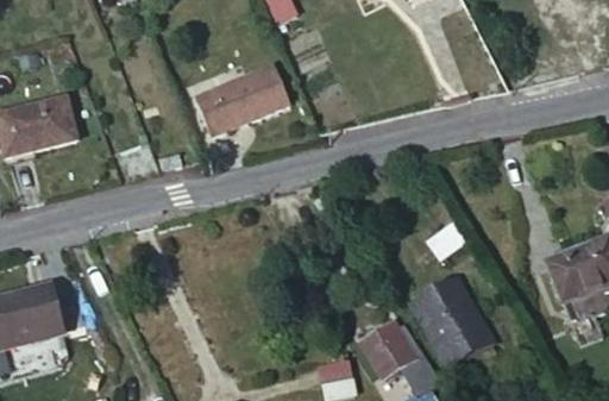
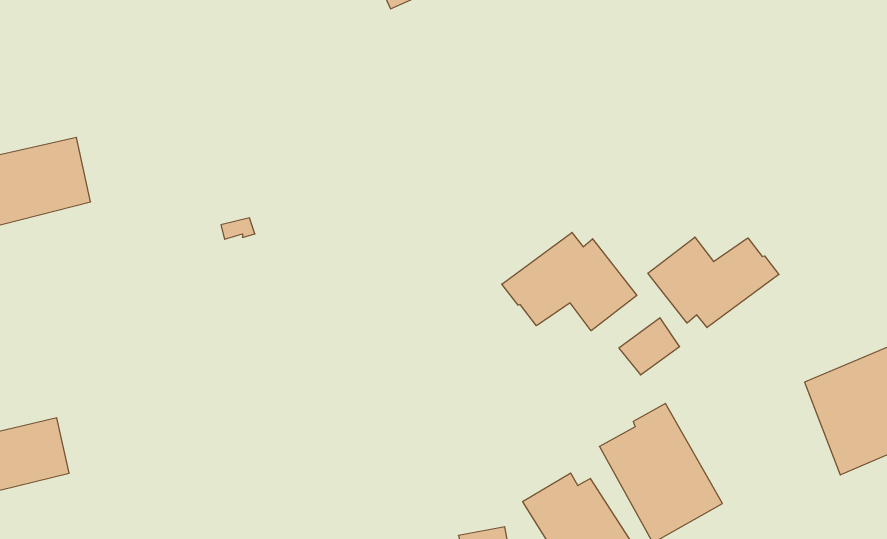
building: [195,63,288,136] -> none
building: none -> [502,232,637,331]
building: none -> [648,237,779,328]

